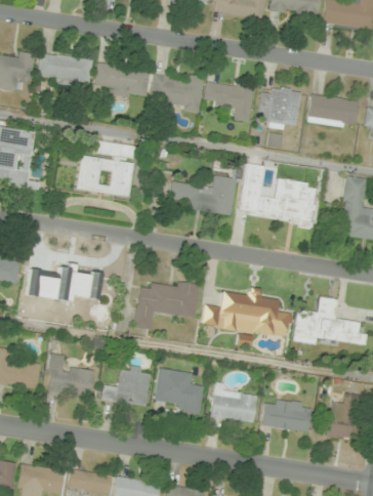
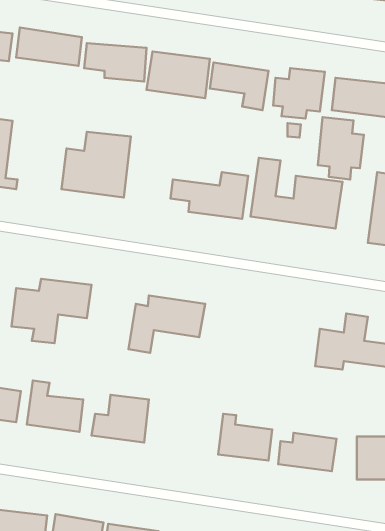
building: none -> [318,117,364,179]
building: [201,287,291,337] -> none
building: [154,374,204,415] -> none

